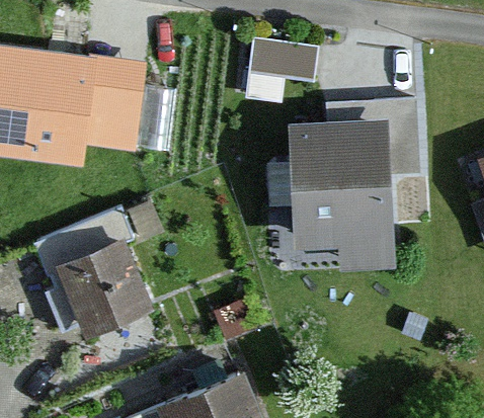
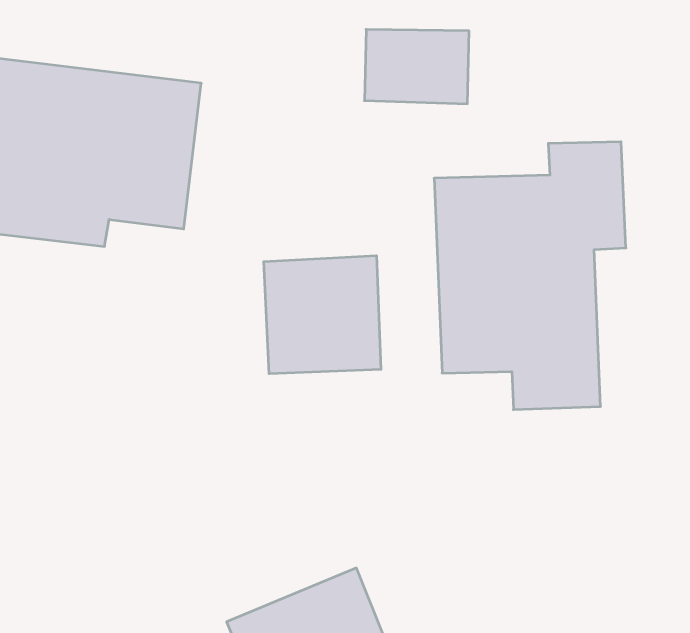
building: none -> [264,256,381,374]
building: [54,234,156,337] -> none

